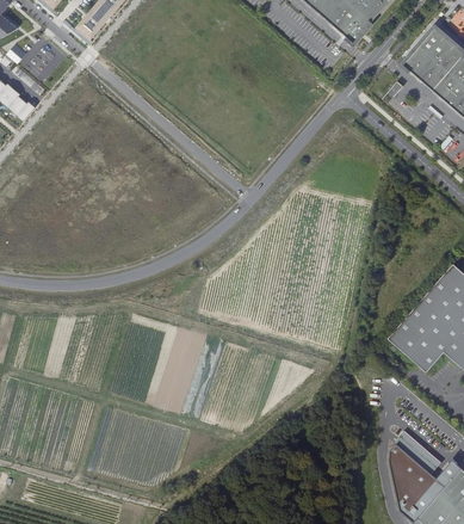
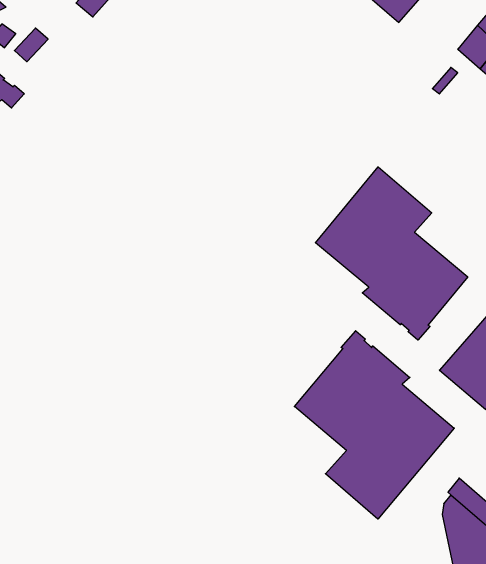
building: none -> [315,167,468,340]
building: none -> [294,331,454,519]

